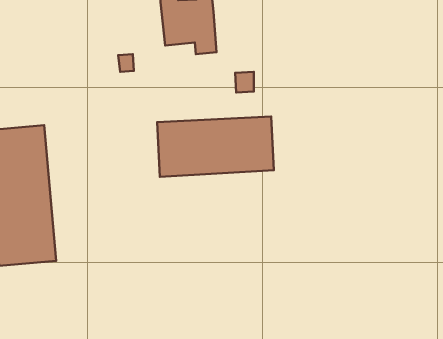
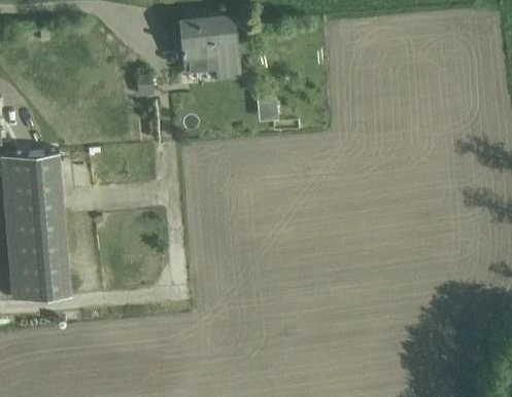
building: [157,117,274,177] -> none

